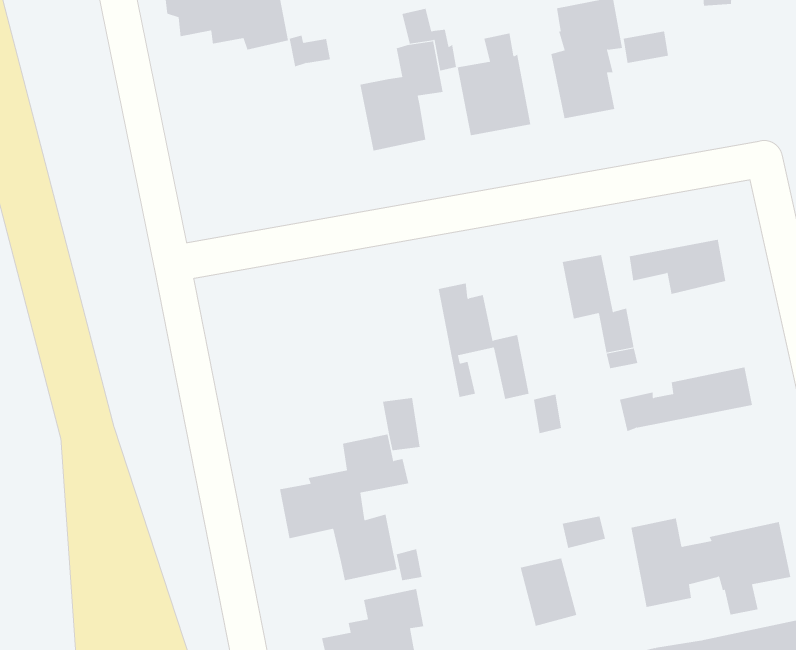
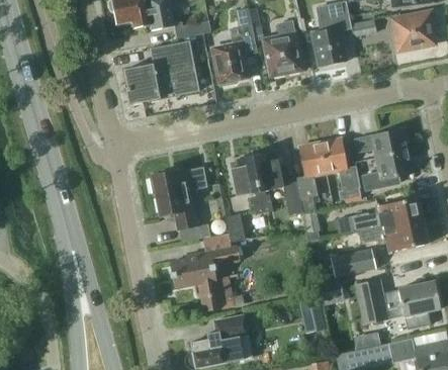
building: none -> [393,11,436,50]
building: none -> [124,40,200,104]
building: none -> [298,142,326,211]
building: none -> [363,152,411,190]
building: none -> [231,156,265,214]
building: none -> [149,168,206,228]
building: none -> [359,217,426,251]
building: none -> [332,248,376,275]

